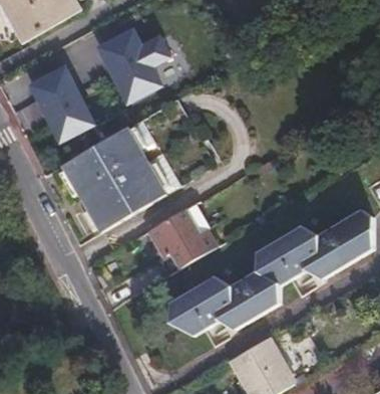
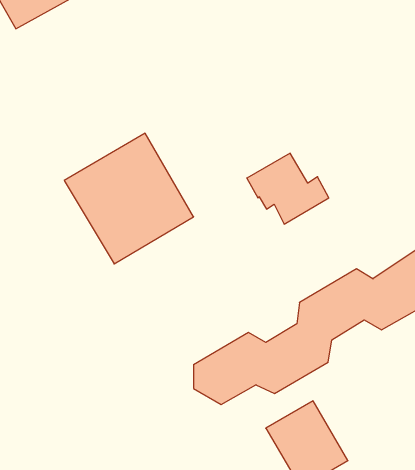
building: [99,26,177,105] -> none
building: [35,67,96,140] -> none
building: [148,206,215,263] -> [247,153,329,224]

